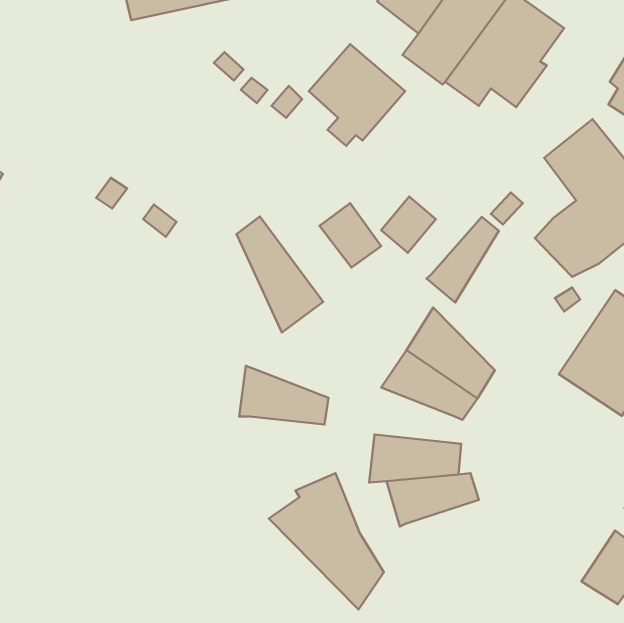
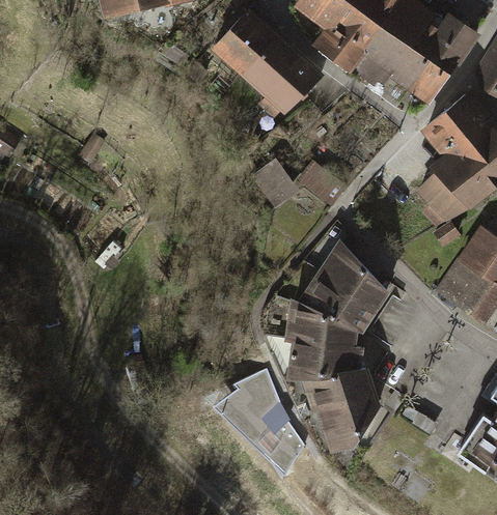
building: none -> [215,11,276,74]
building: none -> [405,12,477,103]
building: [236,217,323,332] -> none
building: [427,217,499,302] -> none
building: [239,366,329,425] -> [286,301,356,346]
building: none -> [319,391,380,451]

